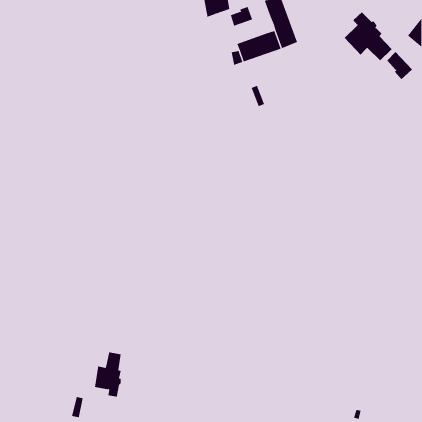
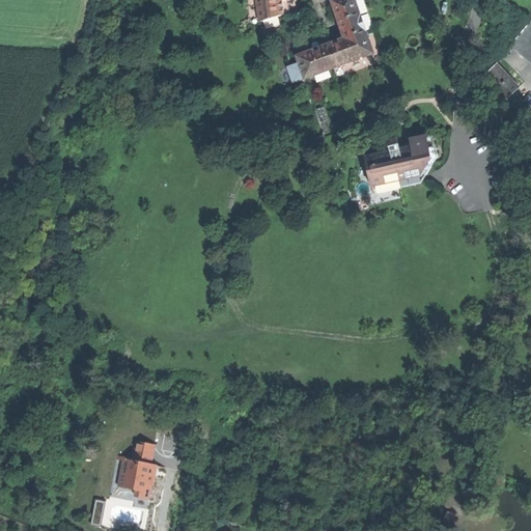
building: [230,6,253,26] -> none
building: [344,11,392,61] -> none
building: none -> [365,135,438,193]

